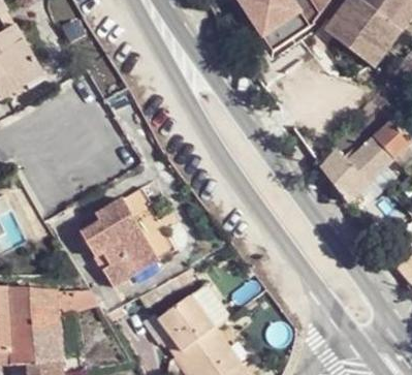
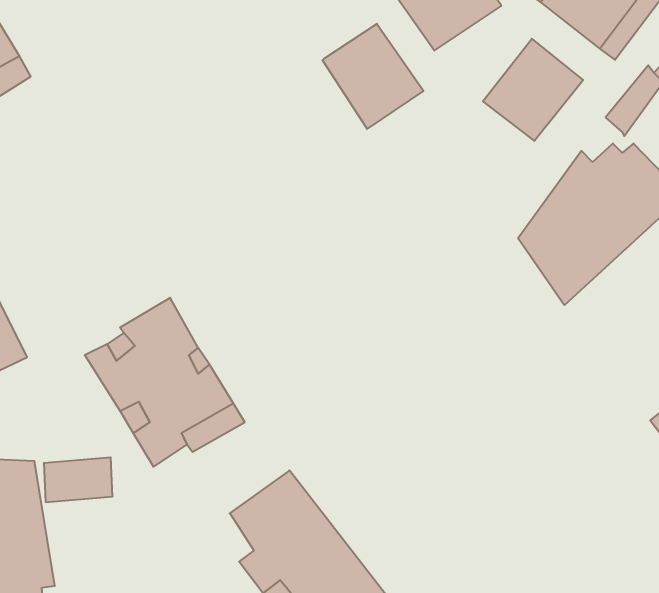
building: none -> [322,24,423,129]
building: none -> [483,39,583,141]

